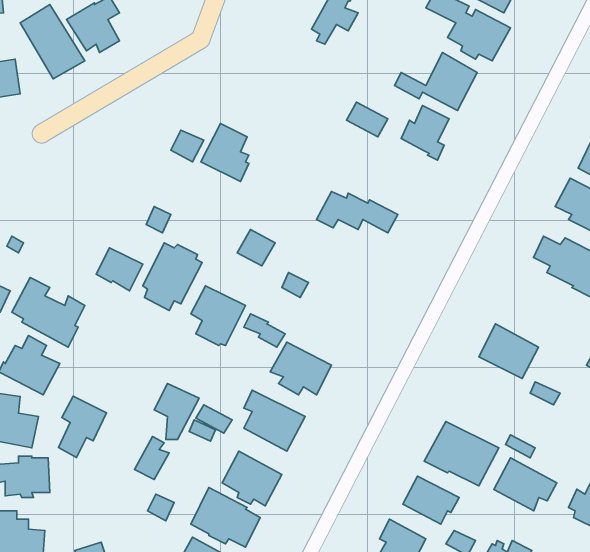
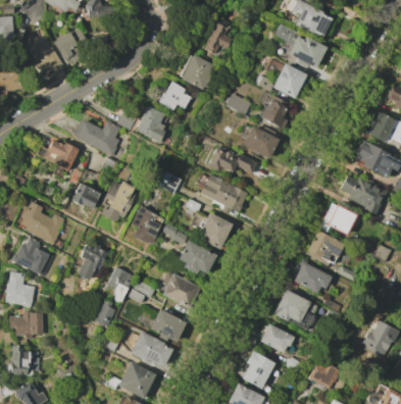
building: none -> [180,54,215,89]
building: none -> [159,82,191,109]
building: none -> [74,119,120,156]
building: none -> [242,125,279,158]
building: none -> [37,140,80,171]
building: none -> [201,172,248,213]
building: none -> [319,203,358,235]
building: none -> [200,212,232,249]
building: [58,396,106,457] -> [78,243,107,281]
building: [494,458,557,511] -> [293,261,332,294]

